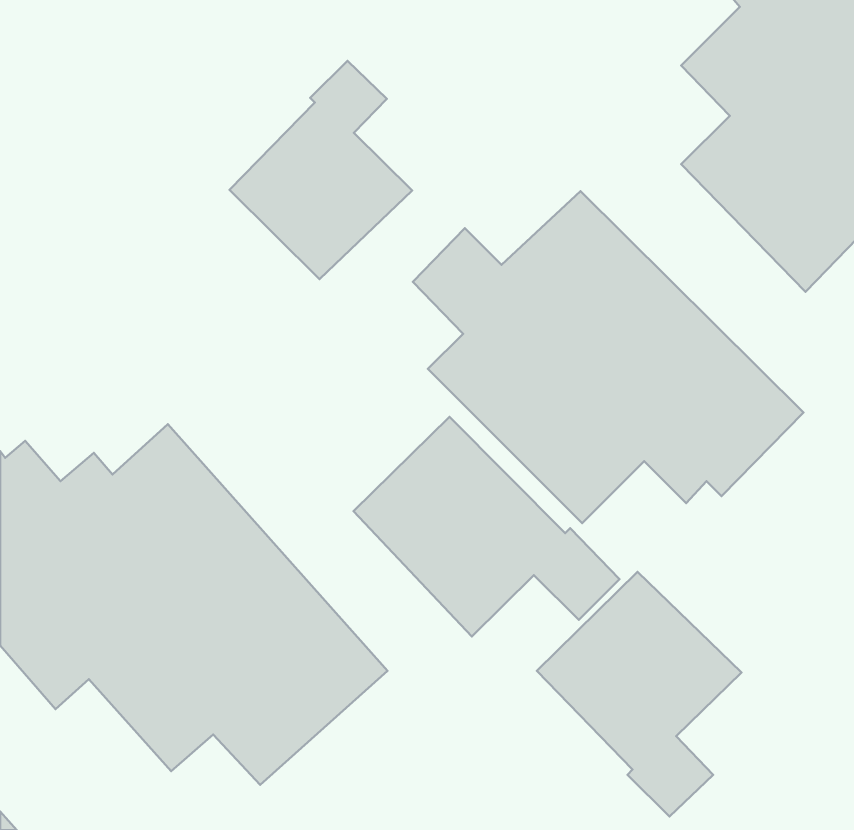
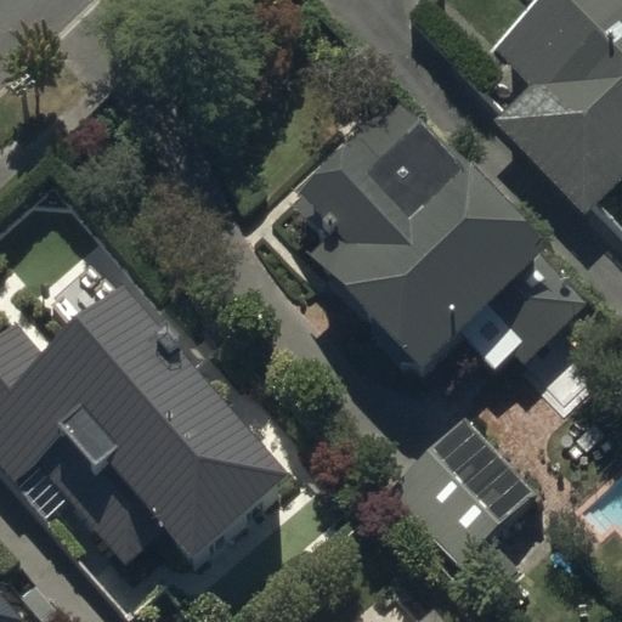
building: [230,61,412,279] -> none
building: [353,417,619,636] -> none

